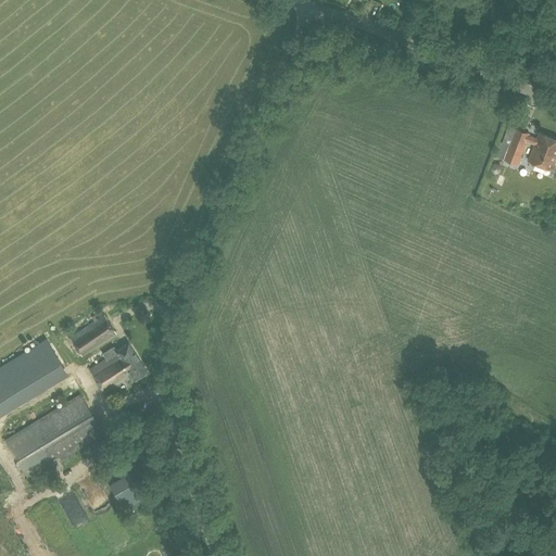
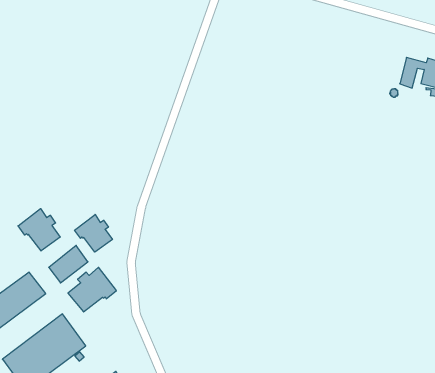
building: none -> [18,209,60,251]
building: none -> [75,214,112,252]

